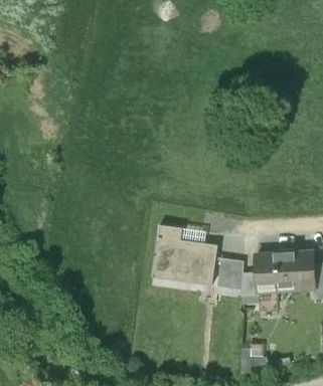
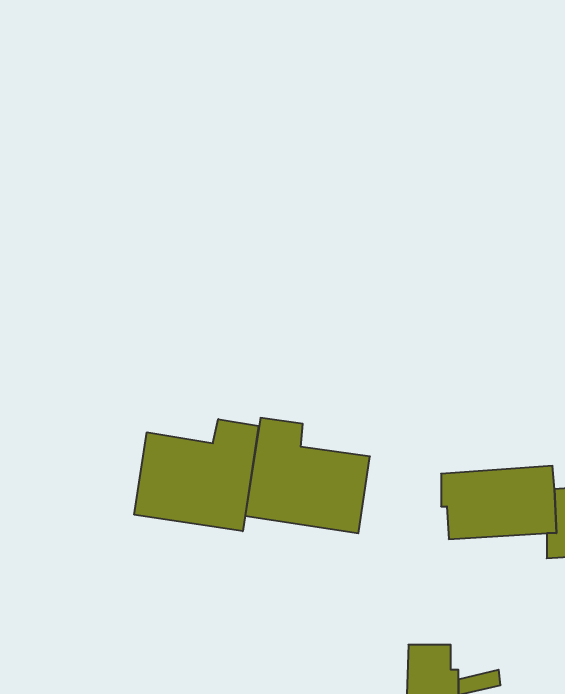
building: none -> [134,419,258,531]
building: [217,258,260,304] -> none

